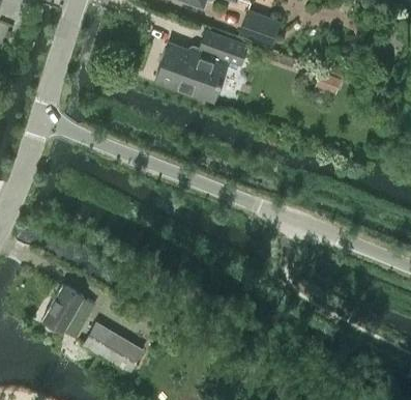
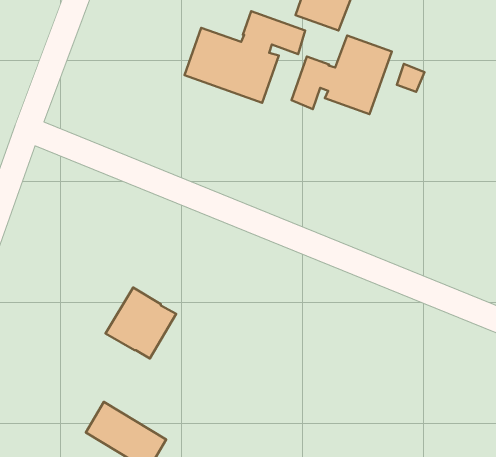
building: none -> [291,35,392,114]
building: [42,285,95,338] -> [105,287,176,358]

